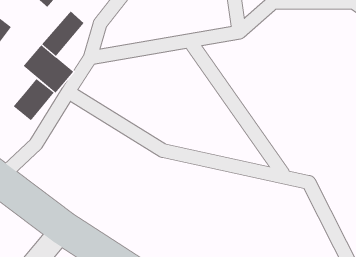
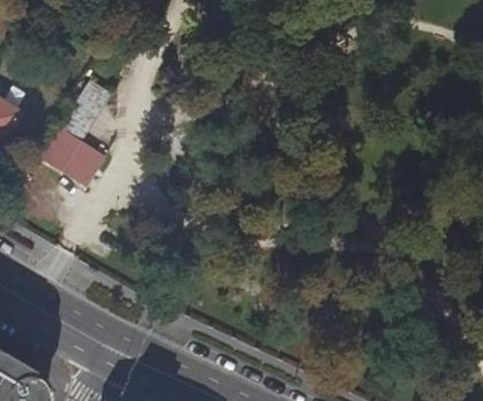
building: [13,78,54,121] -> none

